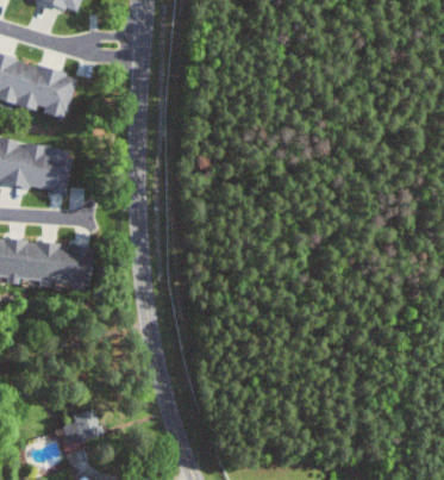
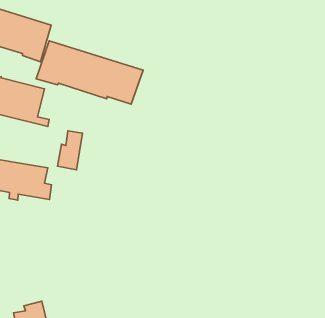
building: none -> [36,41,143,104]
building: none -> [57,131,83,170]

